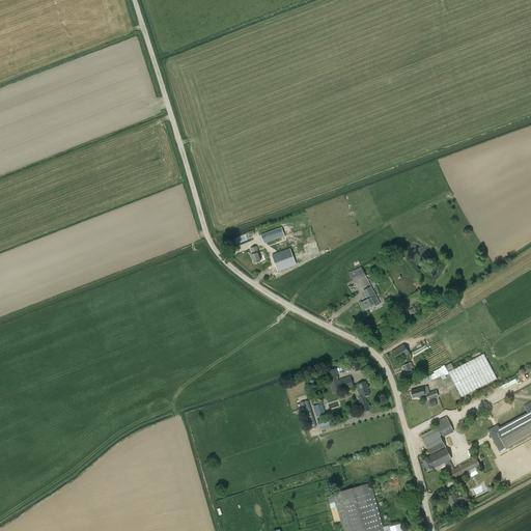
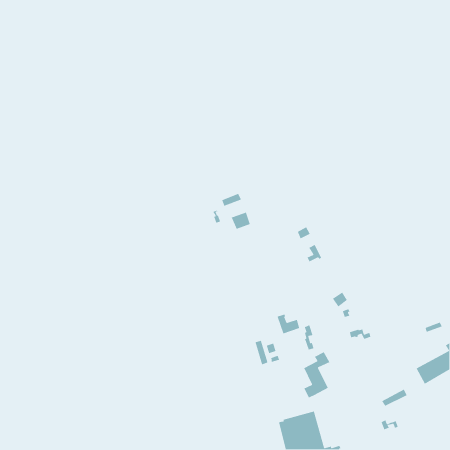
building: [445,354,497,397] -> none
building: [421,416,453,472] -> [303,351,330,399]

